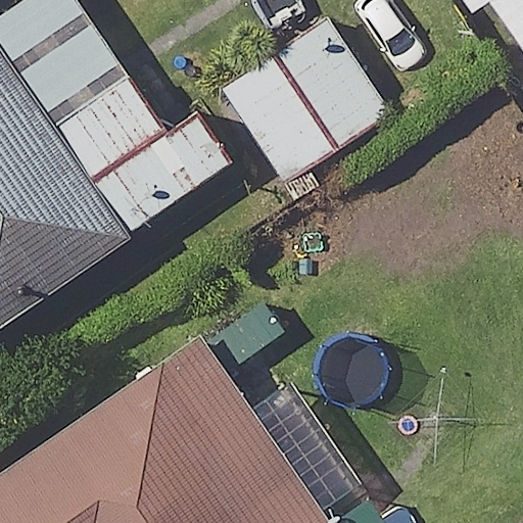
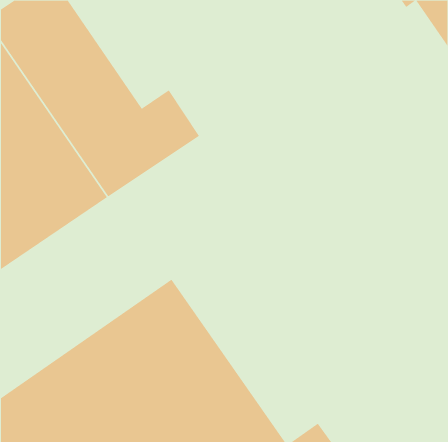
building: [221,19,392,187] -> none

